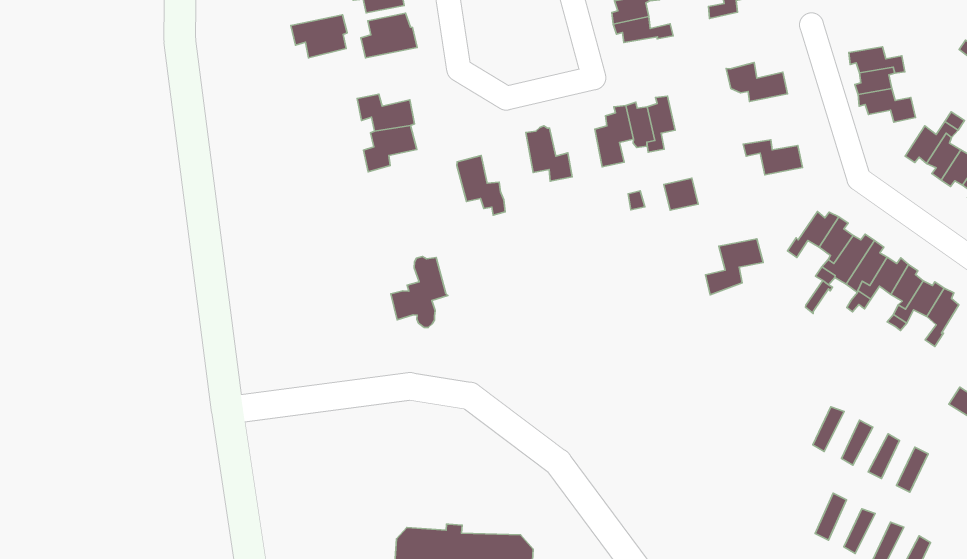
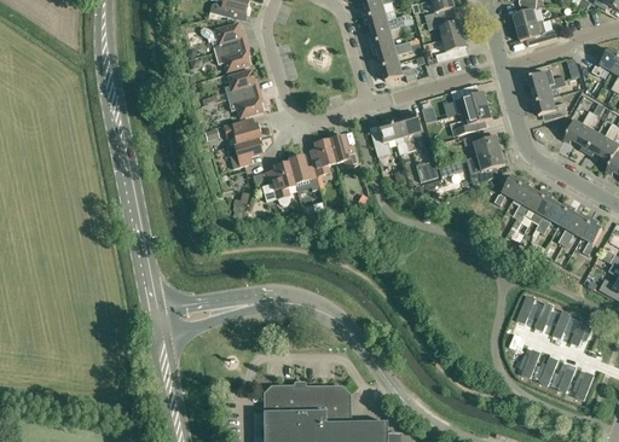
building: [291,15,347,58] -> [227,91,262,118]
building: none -> [451,105,492,136]
building: none -> [312,139,335,176]
building: [705,239,763,295] -> [470,150,505,186]
building: [391,257,448,328] -> [261,162,296,205]

